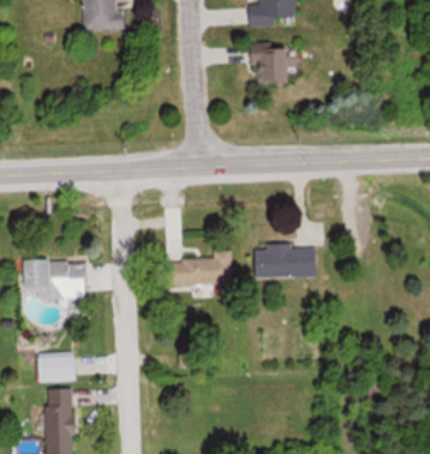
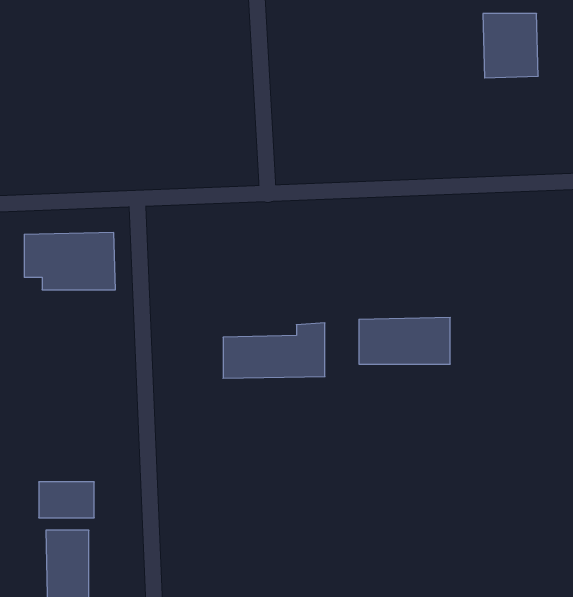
building: [253,44,291,88] -> [483,14,538,78]
building: [25,259,86,298] -> [24,233,115,290]

